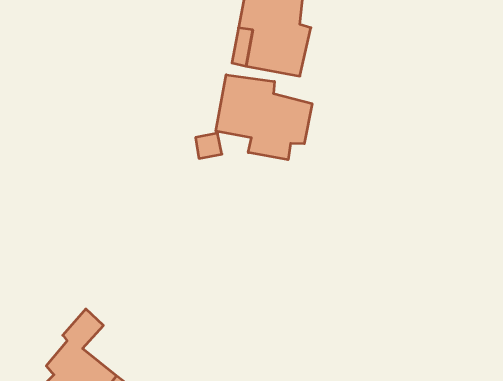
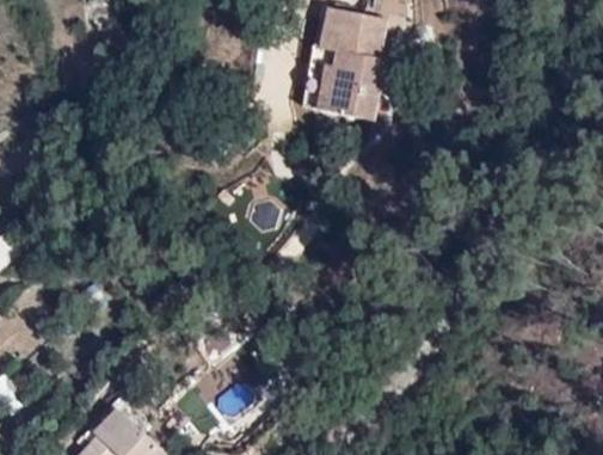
building: [216,75,312,160] -> none

